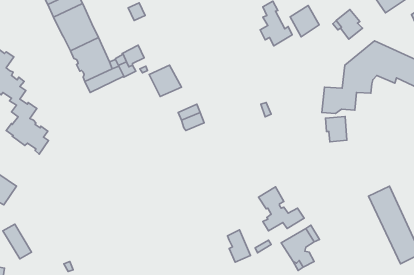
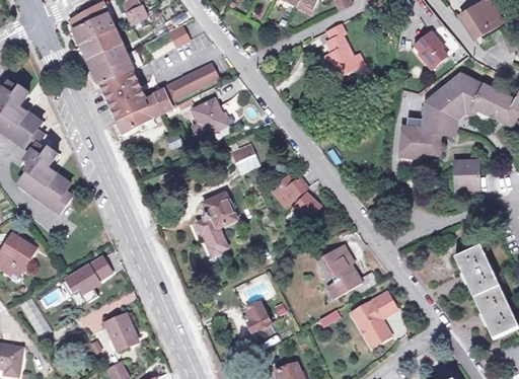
building: [290,6,319,37] -> none
building: none -> [179,64,216,92]
building: [326,116,347,142] -> [454,163,479,194]
building: none -> [271,177,319,222]
building: none -> [196,197,239,257]
building: none -> [62,253,110,298]
building: [228,230,250,262] -> [245,301,273,339]
building: none -> [106,313,137,348]

